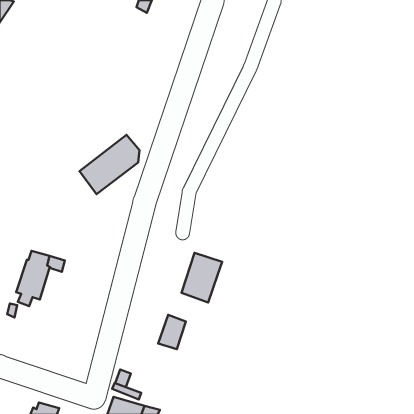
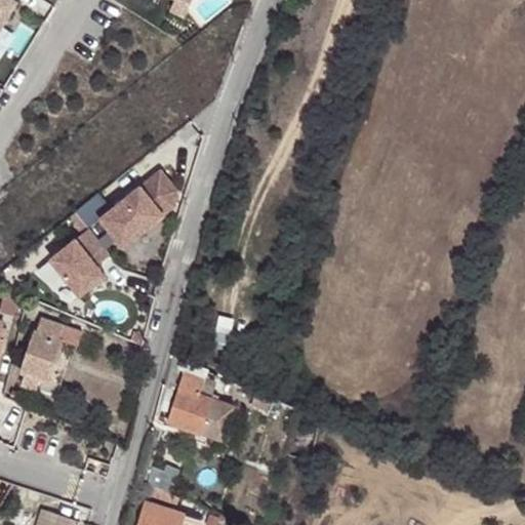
building: none -> [49,228,110,294]
building: [181,253,222,303] -> [166,372,217,435]

